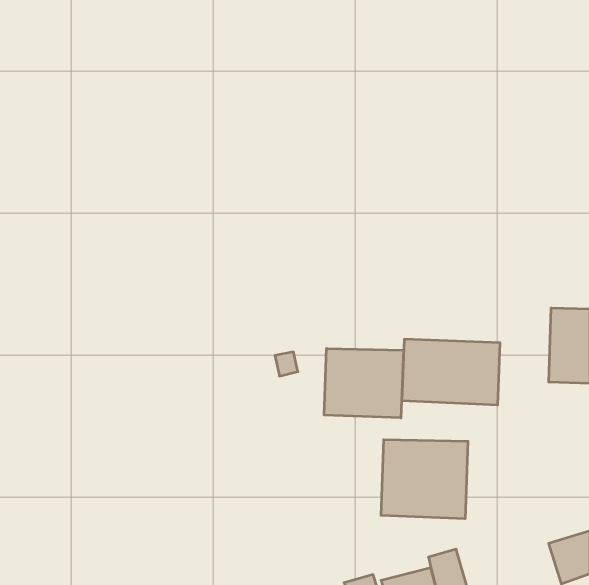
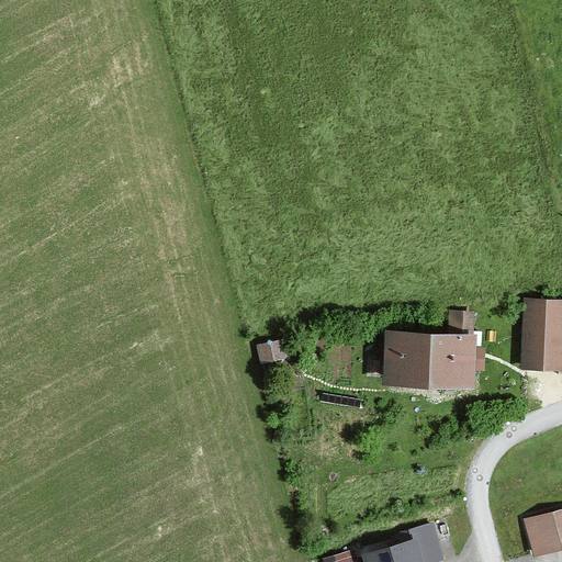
building: [324,348,403,418] -> none
building: [381,440,468,519] -> none

